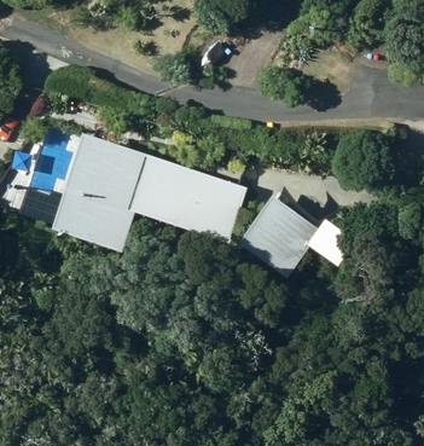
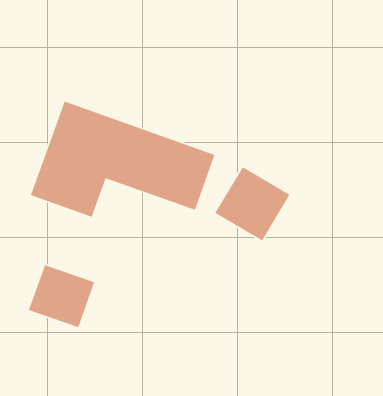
building: none -> [28,264,95,328]

